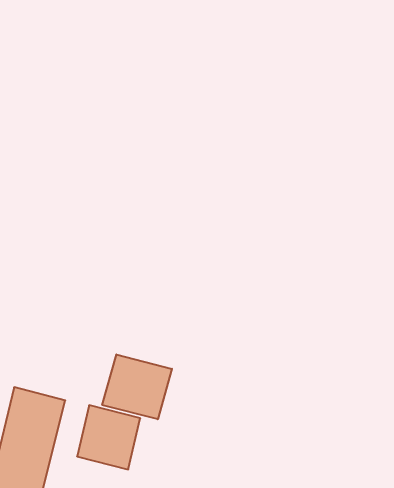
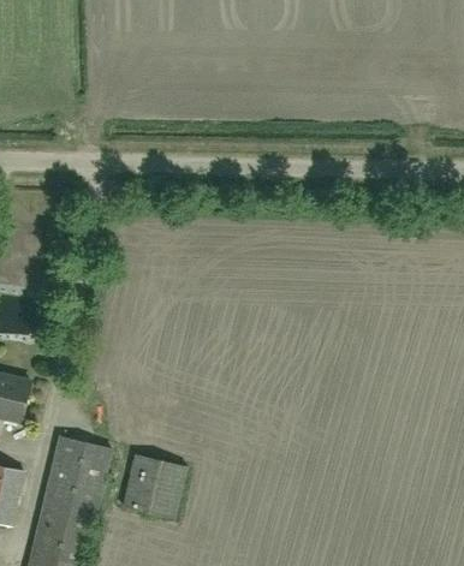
building: [102,354,172,419] -> none

